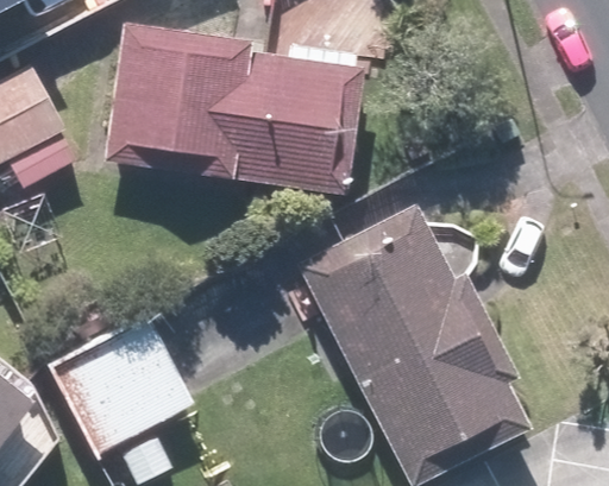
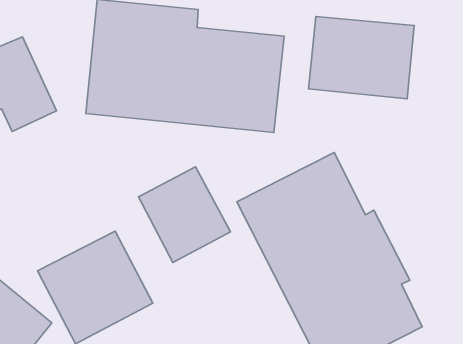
building: none -> [308,16,414,99]
building: none -> [138,167,230,263]

